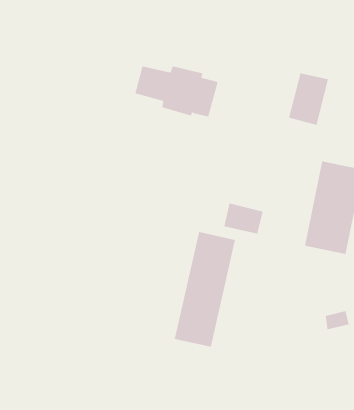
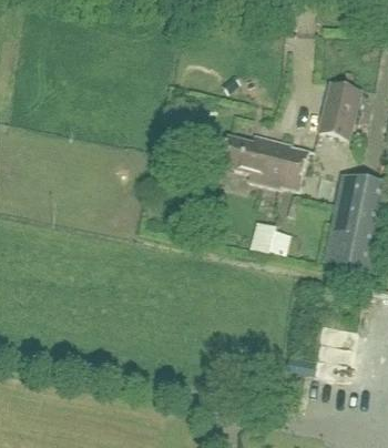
building: [134,66,218,117] -> [219,134,306,187]
building: [174,231,236,348] -> none

